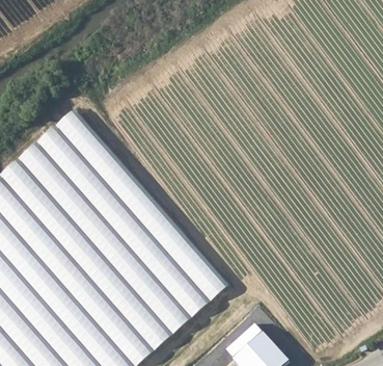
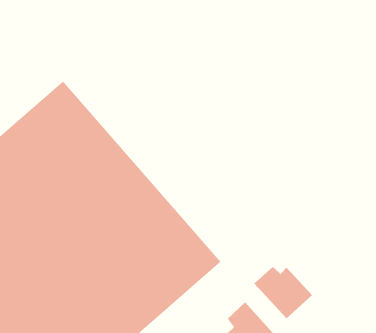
building: none -> [254,266,313,319]

